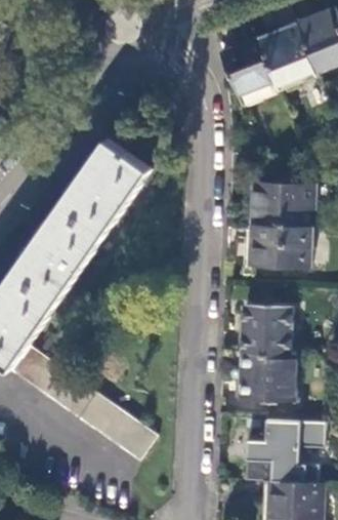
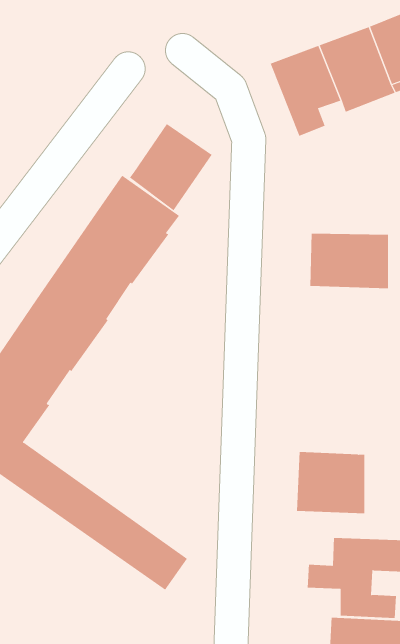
building: none -> [129,123,213,211]
building: [251,224,312,267] -> none
building: [243,305,290,354] -> none

